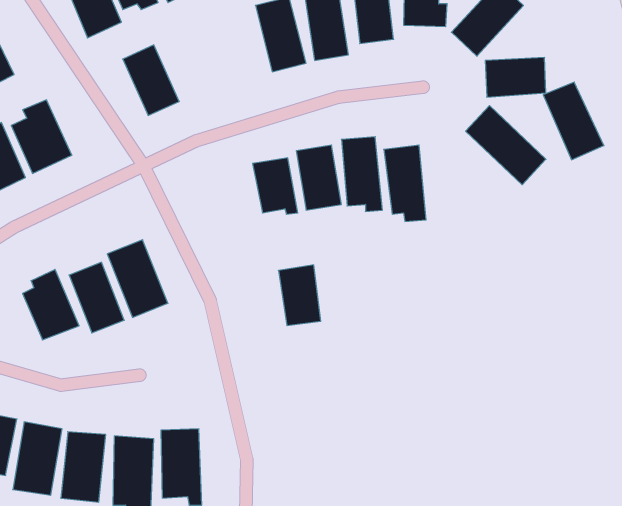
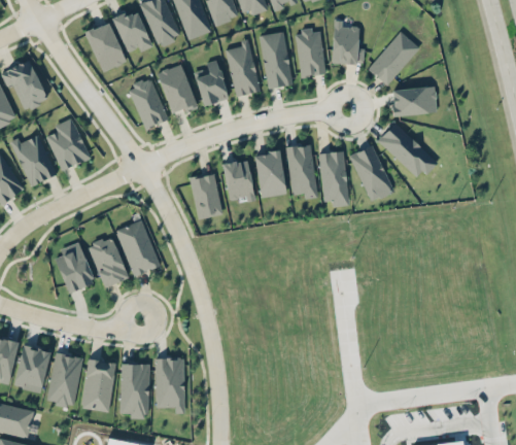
building: none -> [193,60,228,106]
building: none -> [157,63,197,113]
building: [543,82,604,160] -> [349,145,393,202]
building: [278,265,321,326] -> [190,173,220,217]

